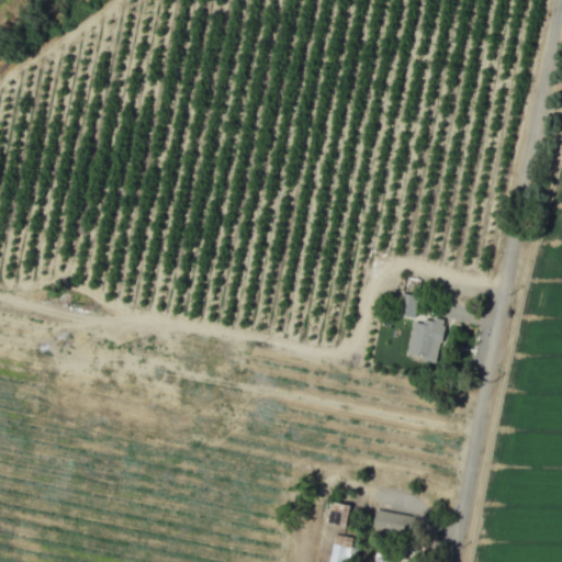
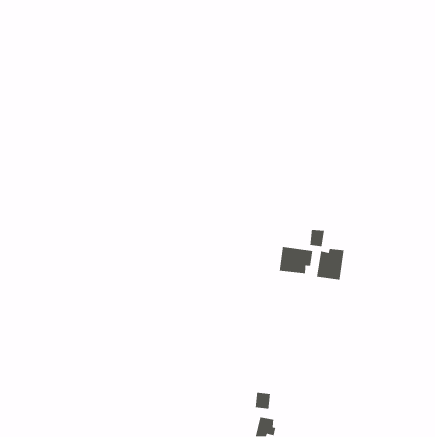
building: none -> [279,246,313,274]
building: [373,509,413,537] -> none

